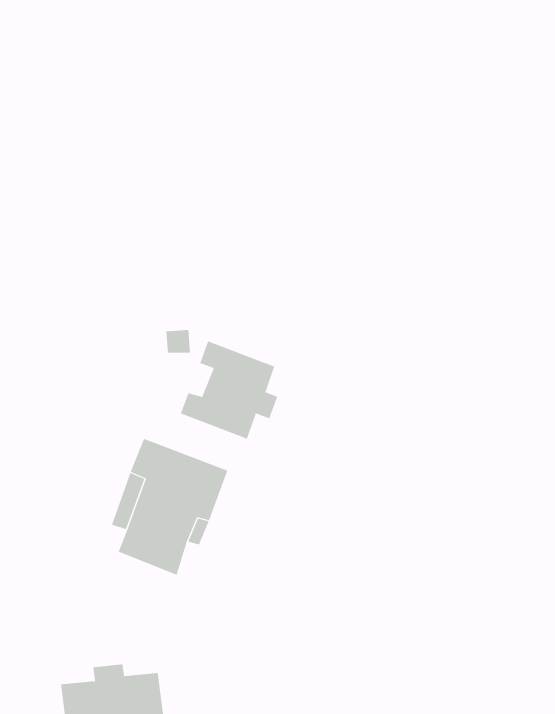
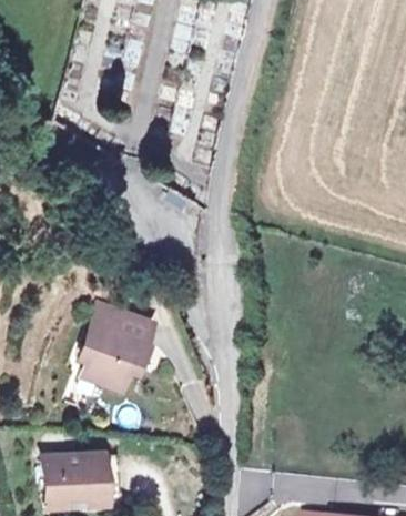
building: [180,341,278,440] -> none

